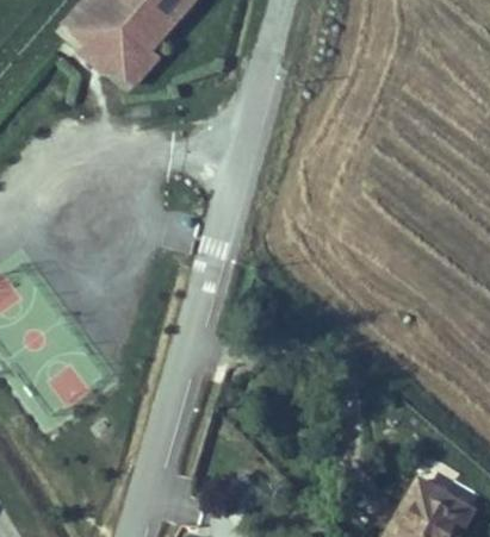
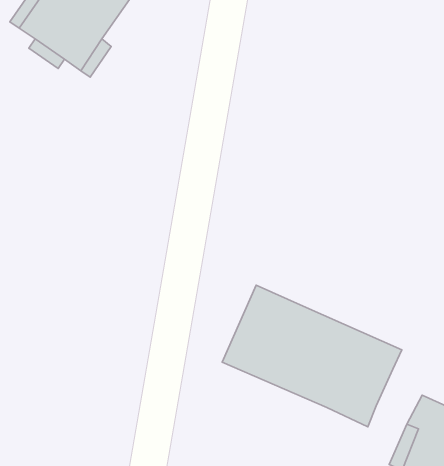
building: none -> [222,285,402,427]

